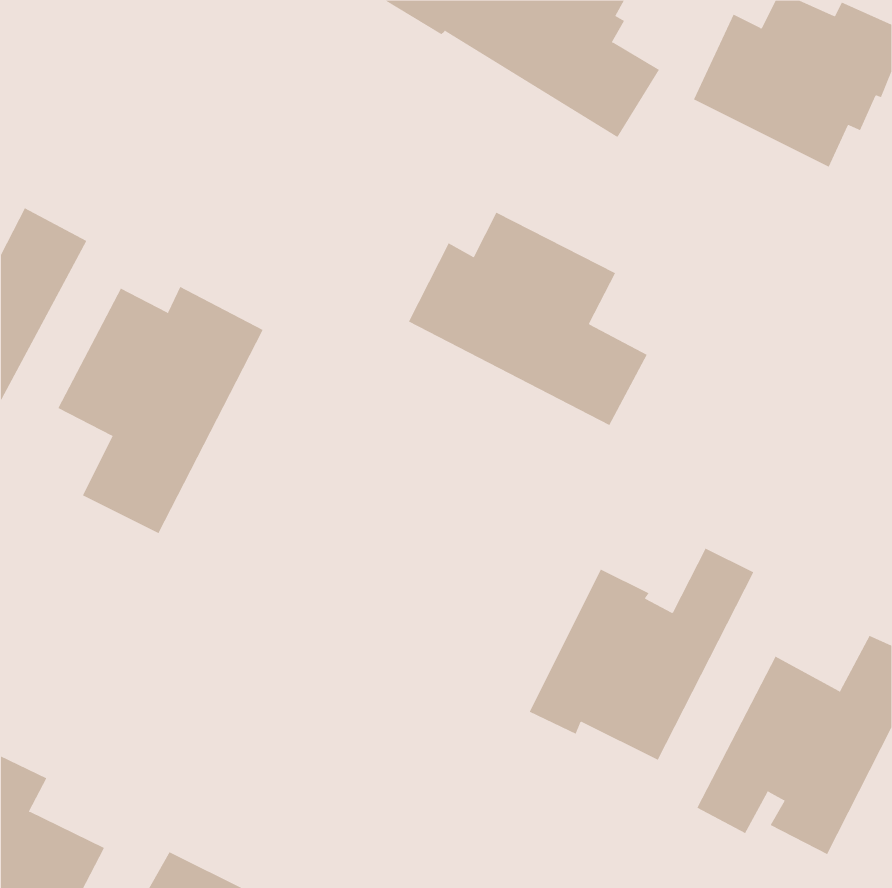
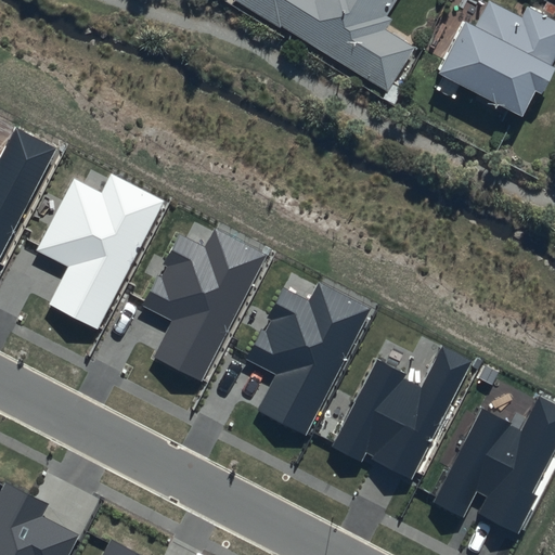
building: [408,212,647,426] -> none
building: none -> [141,233,268,388]
building: none -> [244,278,370,433]

